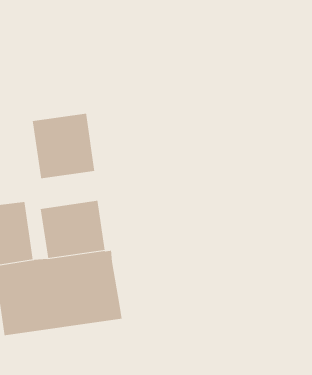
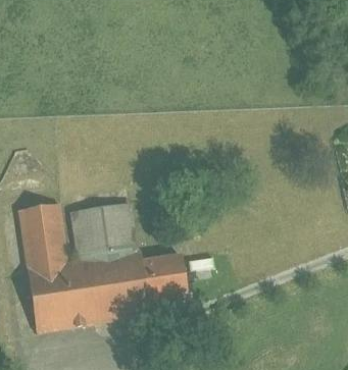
building: [32,113,95,179] -> none
building: none -> [143,255,188,303]

